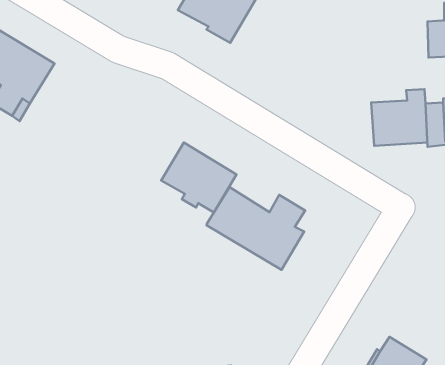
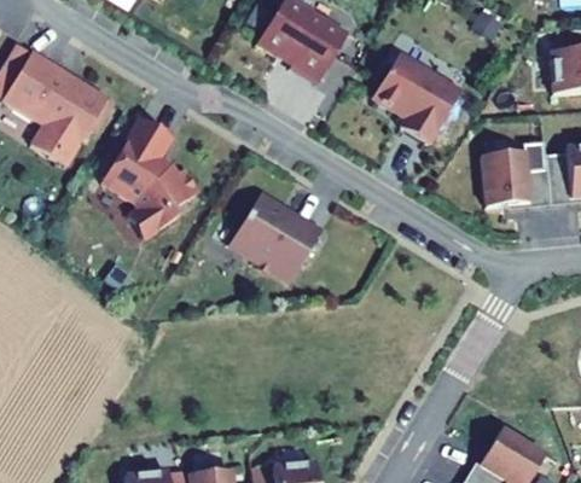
building: none -> [372,48,460,138]
building: none -> [105,123,202,244]
building: [207,187,305,270] -> none

